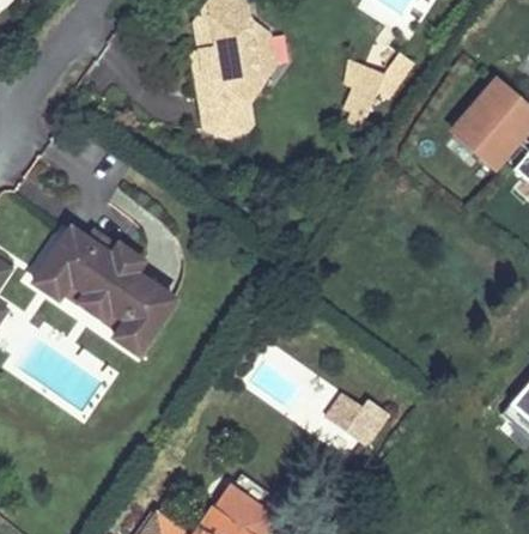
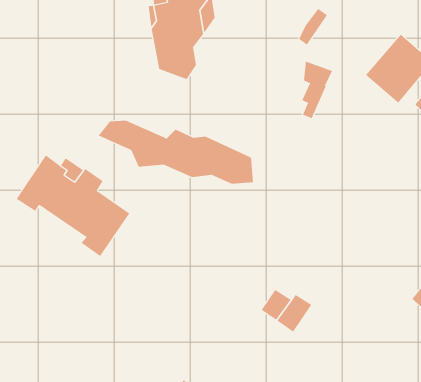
building: [345,59,383,129] -> [301,61,333,119]
building: none -> [98,120,254,184]

